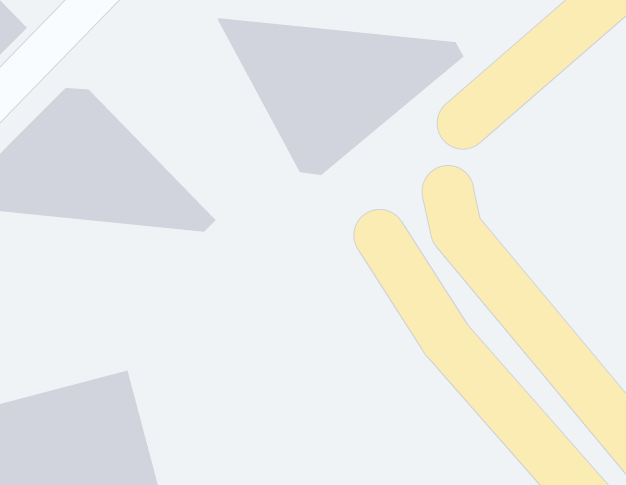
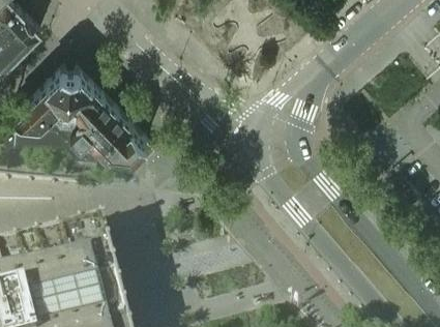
building: [217,18,464,176] -> none

